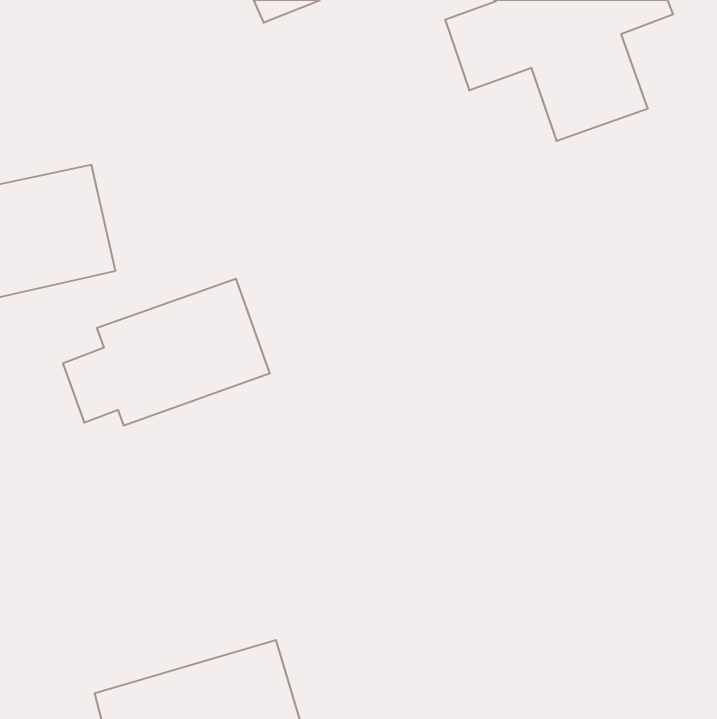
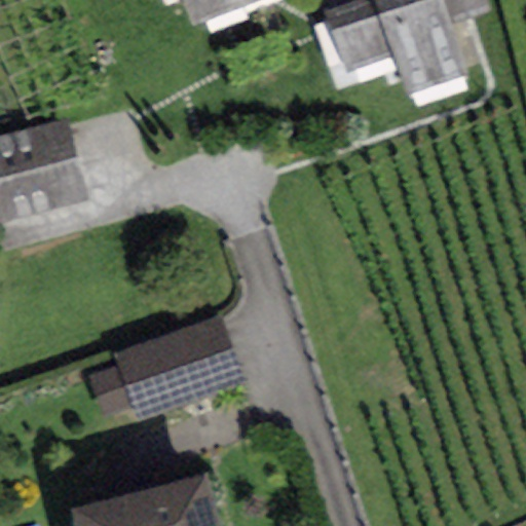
building: [63,279,270,425] -> [89,316,240,423]

